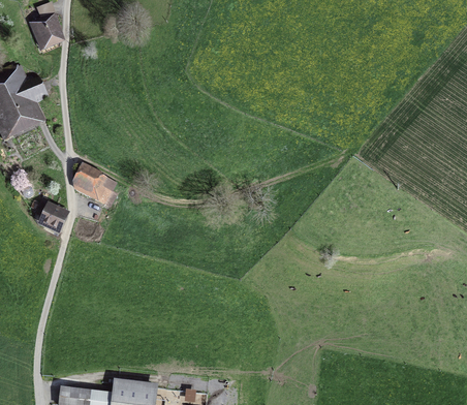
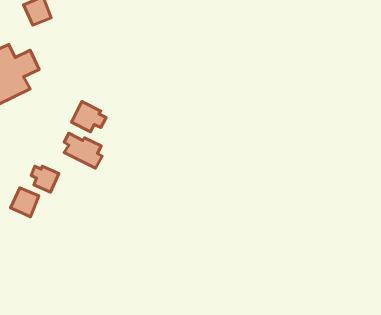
building: none -> [72,102,106,132]
building: none -> [11,188,39,217]

